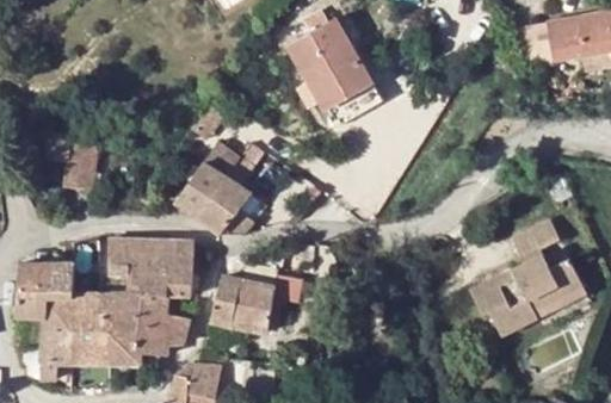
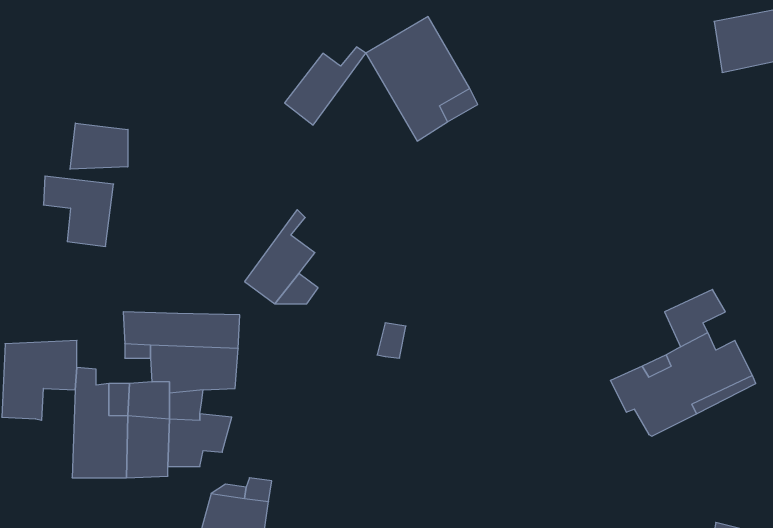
building: none -> [70,123,128,169]
building: [177,157,237,216] -> [285,47,366,125]
building: [214,261,278,331] -> none
building: [39,296,72,380] -> none

